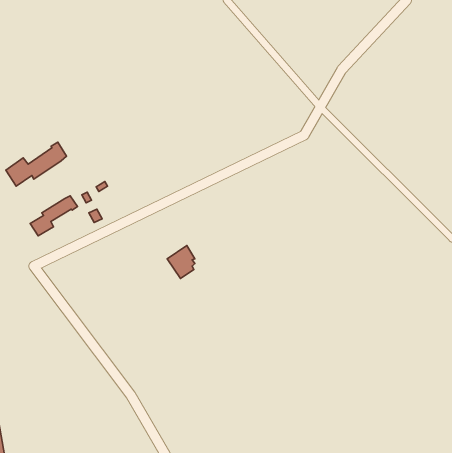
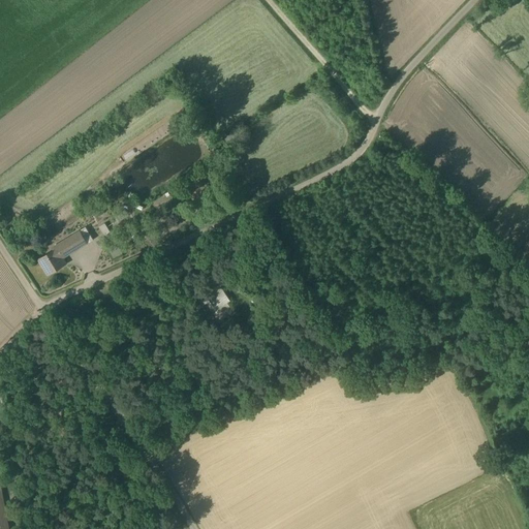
building: [6,142,67,186] -> none

